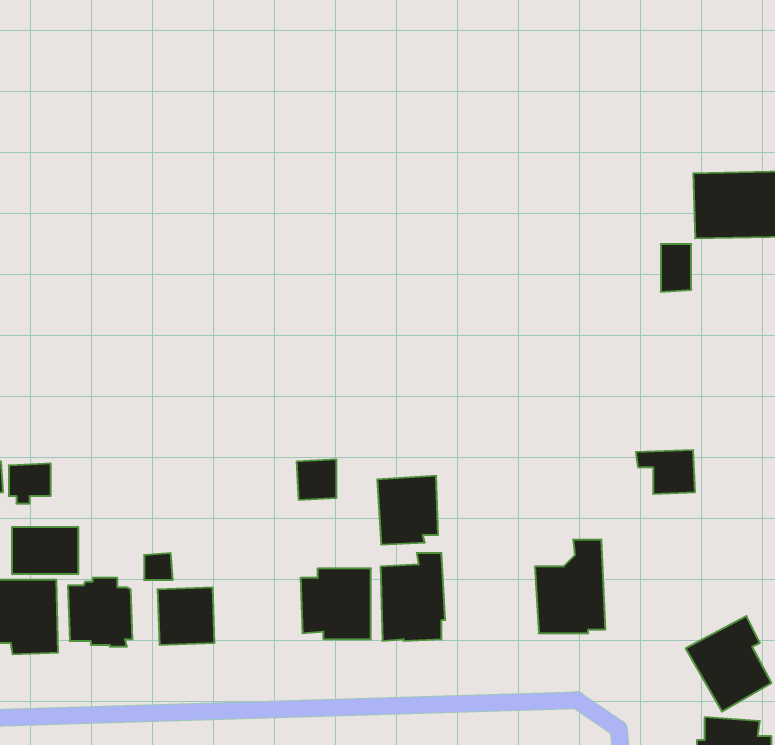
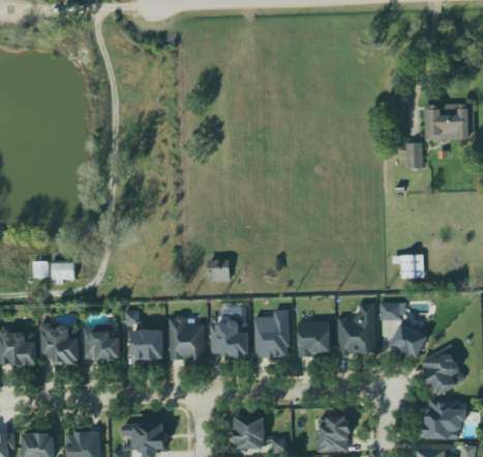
building: [377,476,438,544] -> [297,319,330,356]
building: [12,527,78,574] -> none
building: none -> [379,302,426,356]
building: none -> [170,316,205,360]

